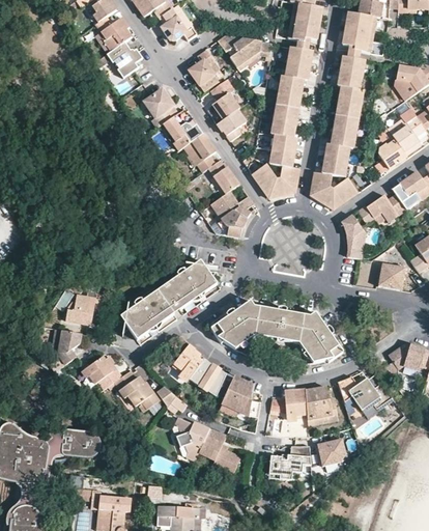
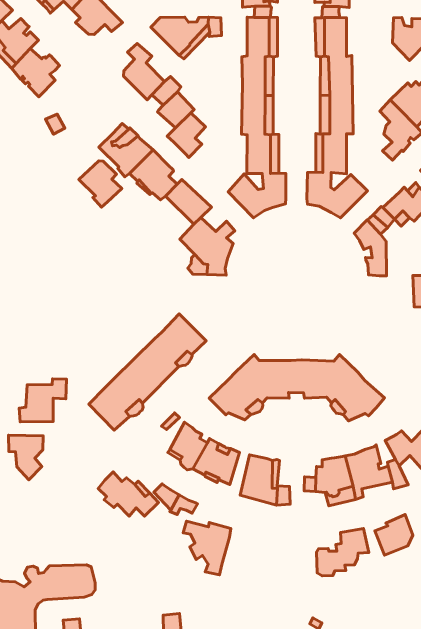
building: [143,91,174,127] -> [79,161,122,207]
building: [80,355,122,385] -> none
building: [199,434,241,471] -> none

